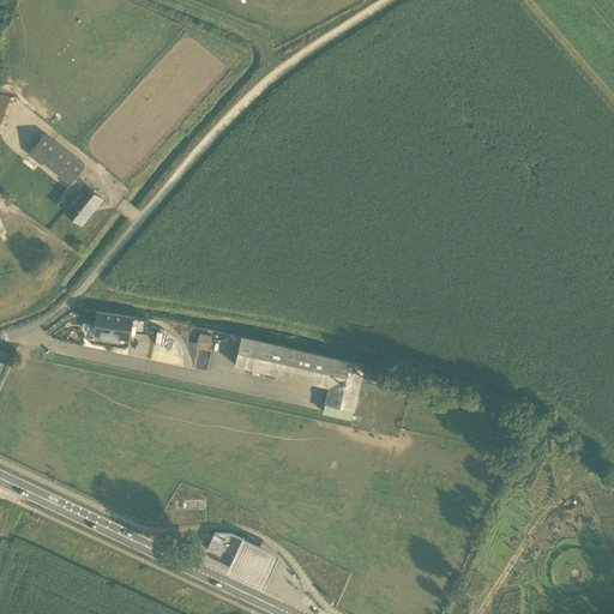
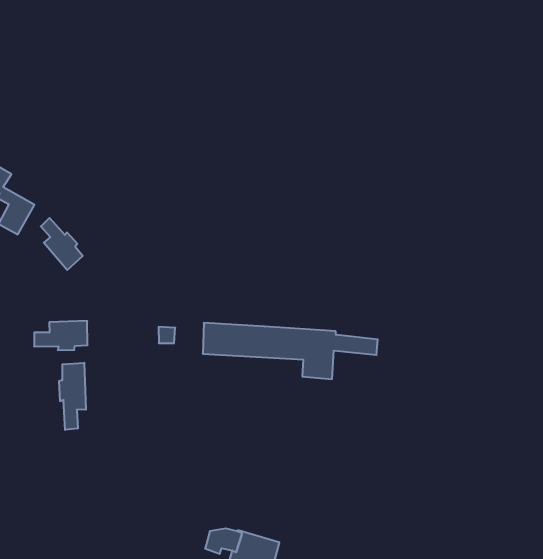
building: none -> [41,218,83,270]
building: none -> [59,363,86,430]

